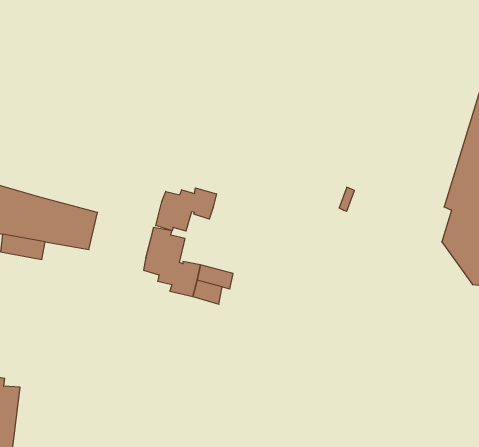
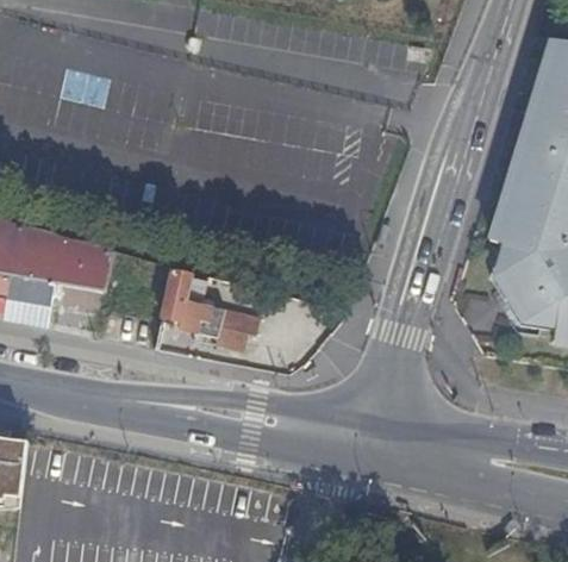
building: [156,188,216,231] -> none

